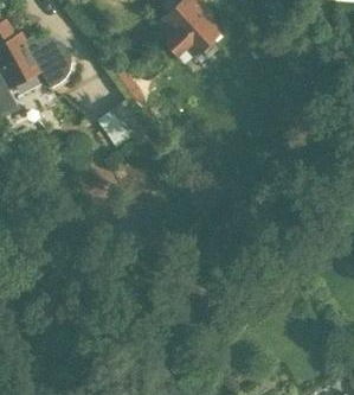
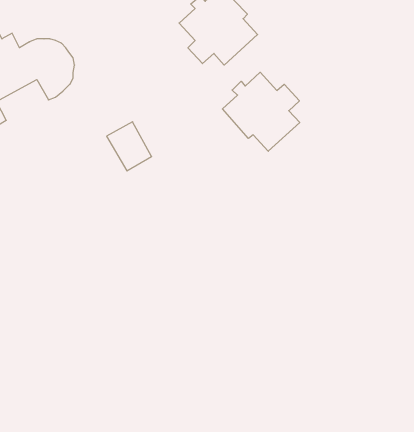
building: none -> [222,72,300,151]

